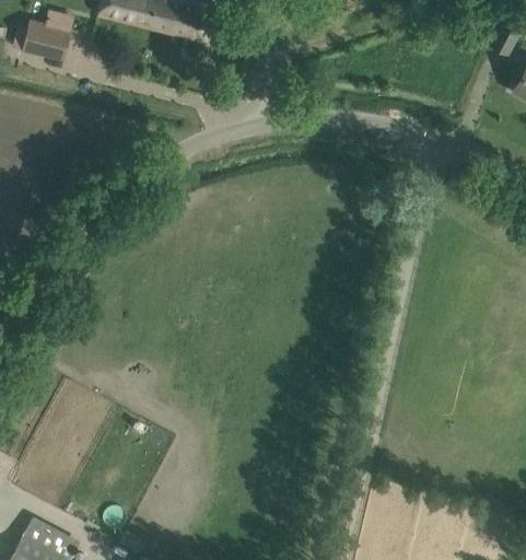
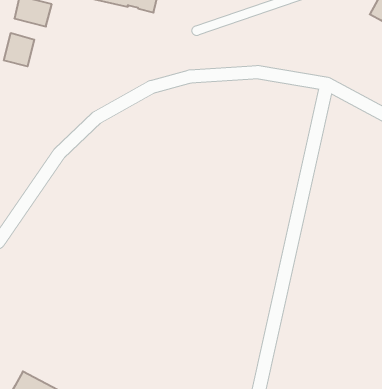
building: none -> [4,33,34,66]

